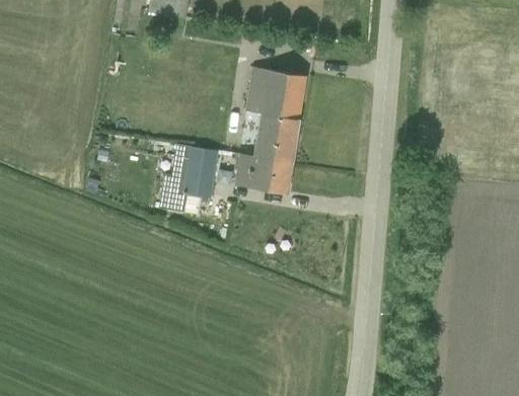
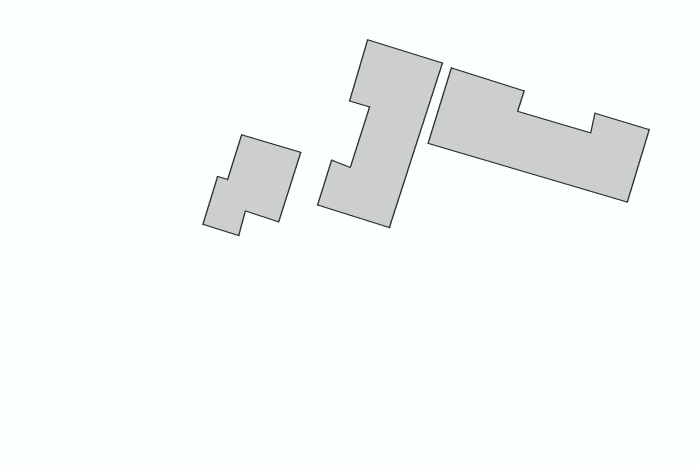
building: none -> [428,68,649,202]

